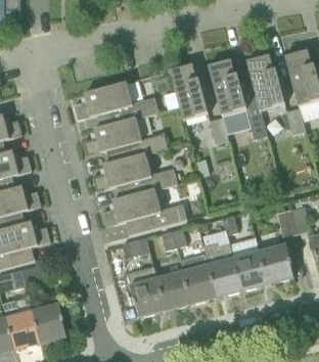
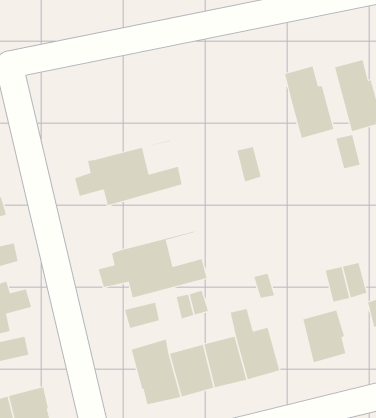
building: [208,59,267,139] -> none
building: [169,63,208,120] -> none
building: [74,81,157,127] -> none
building: [92,146,177,197] -> none
building: [233,251,268,290] -> none

